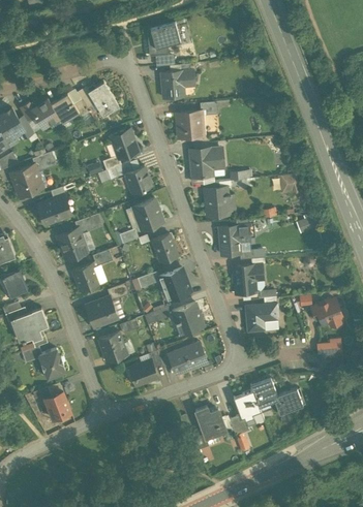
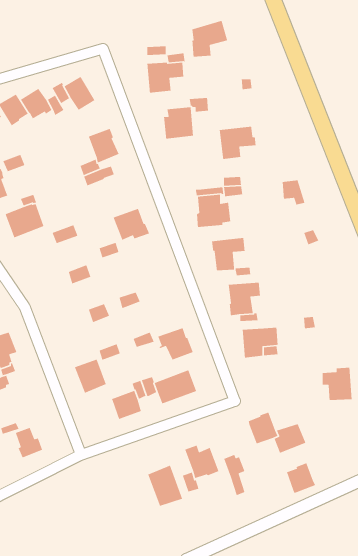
building: [147,23,180,56] -> [190,20,228,57]
building: [190,148,223,178] -> [219,126,257,160]
building: [125,166,152,194] -> none
building: [57,228,87,258] -> none
building: [153,234,178,262] -> none
building: [72,263,99,291] -> none
building: [159,268,190,299] -> none
building: [86,297,118,327] -> none
building: [312,299,342,325] -> none
building: [39,348,65,379] -> none
building: [234,390,261,418] -> [286,462,316,494]
building: none -> [147,464,183,507]

